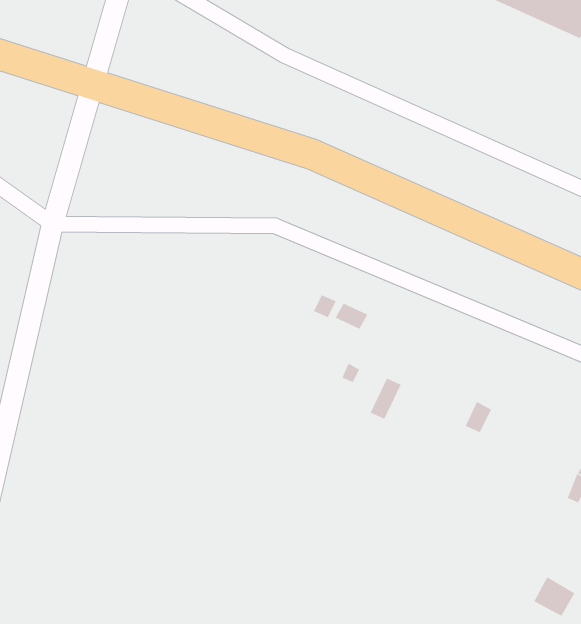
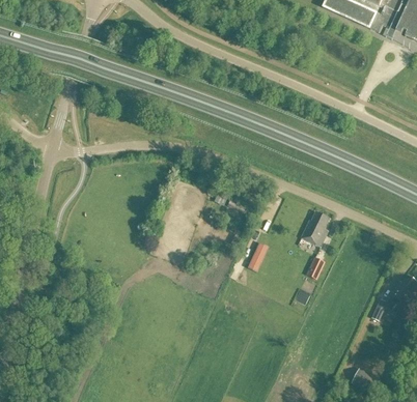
building: none -> [301,212,329,248]

